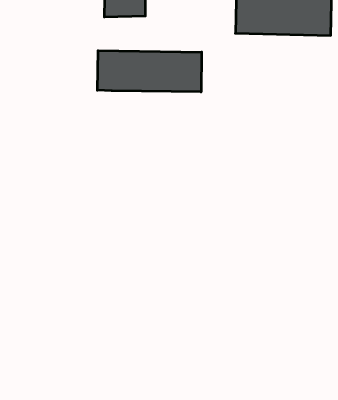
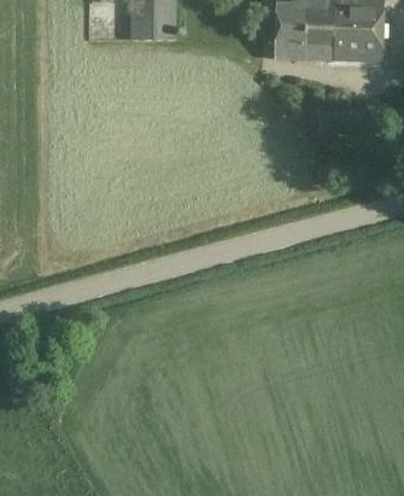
building: [97,51,202,92] -> none

